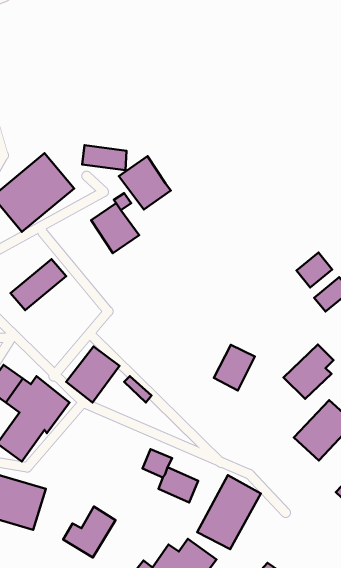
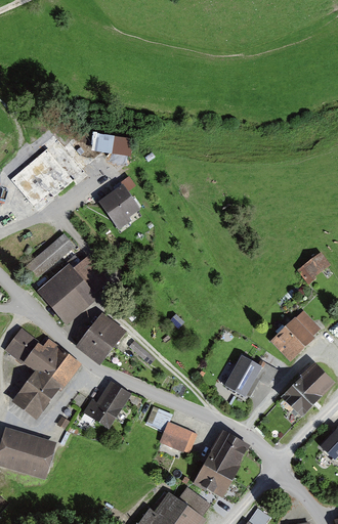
building: [119,156,171,210] -> none
building: [296,253,332,287] -> none
building: none -> [36,256,108,325]
building: [214,345,255,390] -> [224,356,261,397]
building: [63,506,116,558] -> [82,382,129,428]

